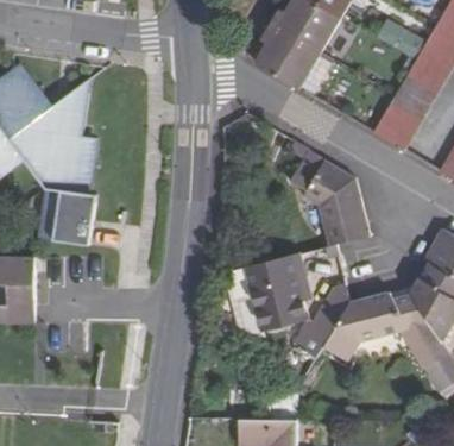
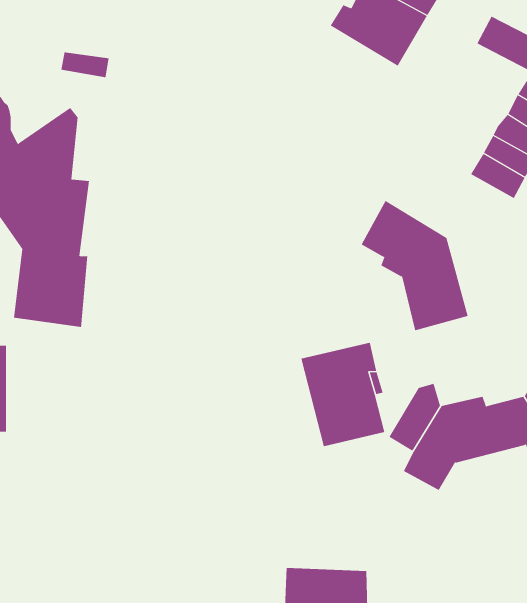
building: [256,24,320,88] -> none

